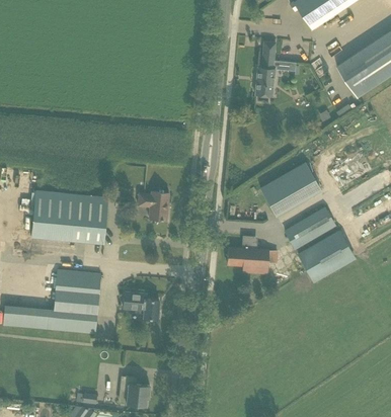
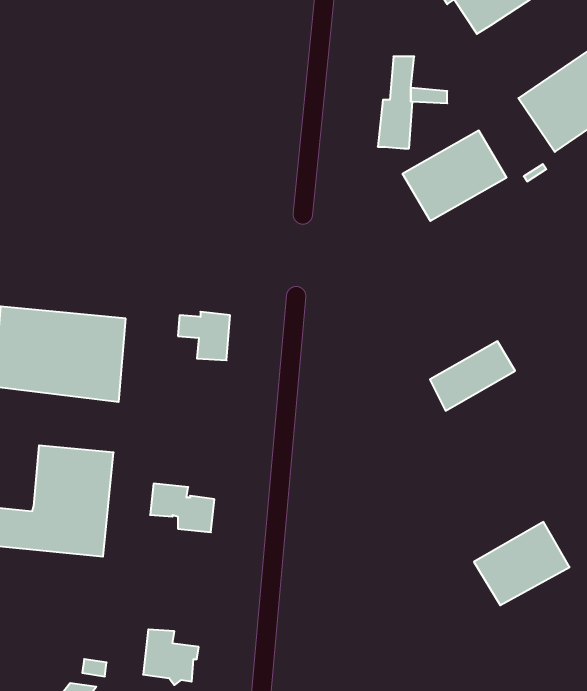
building: [259,163,320,216] -> [402,131,507,221]
building: [298,233,354,281] -> [474,522,570,605]
building: [227,236,278,274] -> none

